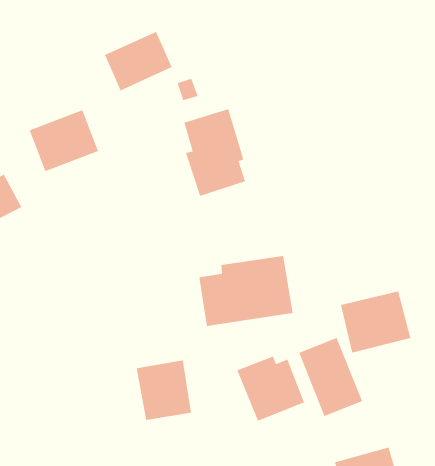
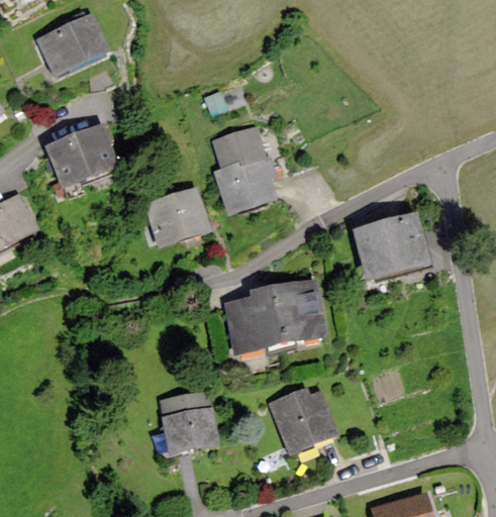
building: [104,31,172,91] -> [36,13,109,77]
building: none -> [144,185,210,248]
building: [340,291,411,353] -> [353,215,428,282]
building: [298,337,363,417] -> none

